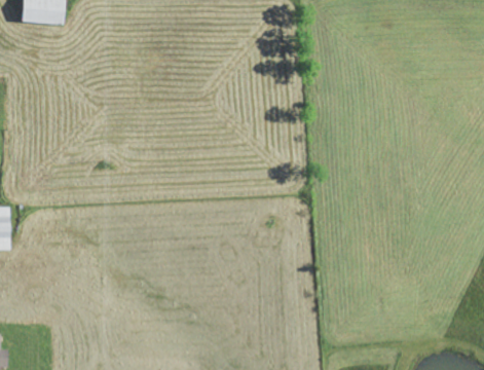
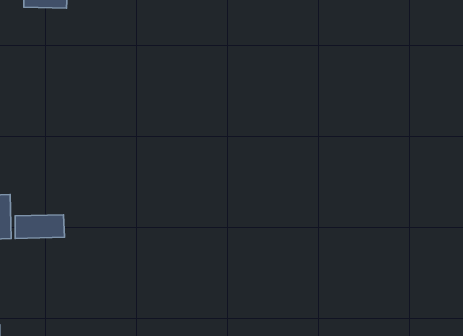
building: none -> [15,215,65,238]

